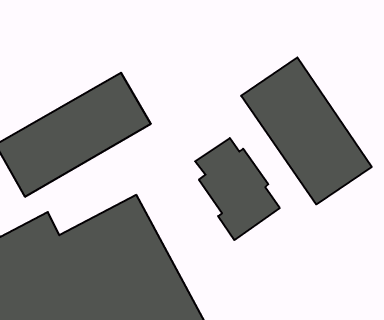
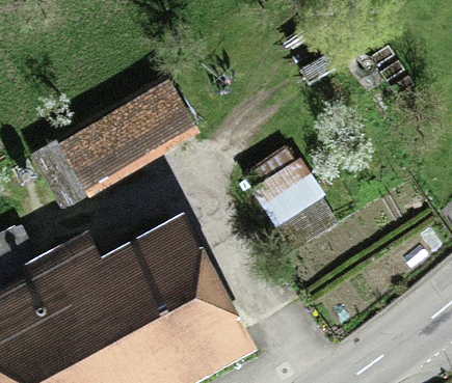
building: [241,57,372,204] -> none

